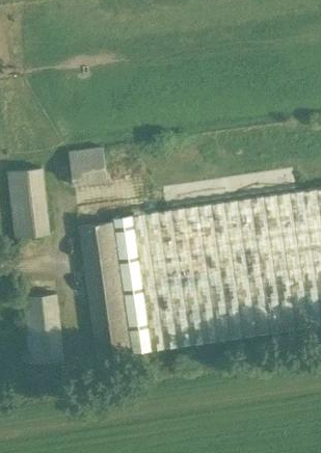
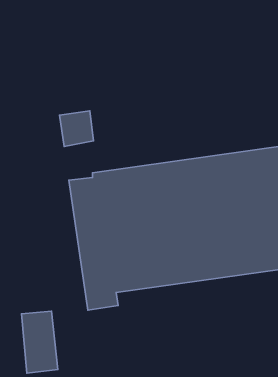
building: [7,167,51,240] -> none
building: [23,294,64,365] -> [21,311,58,373]

